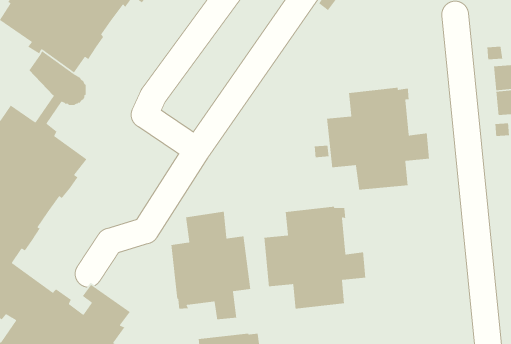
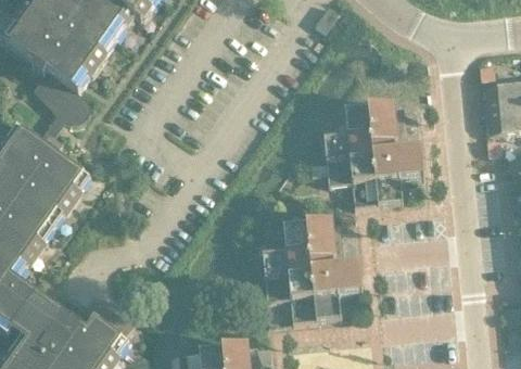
building: [170,211,251,320] -> none

